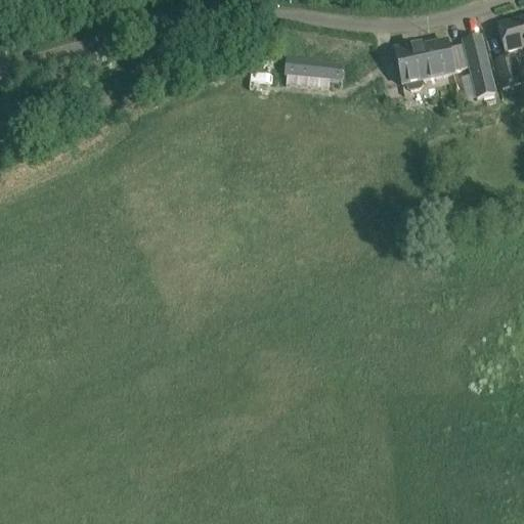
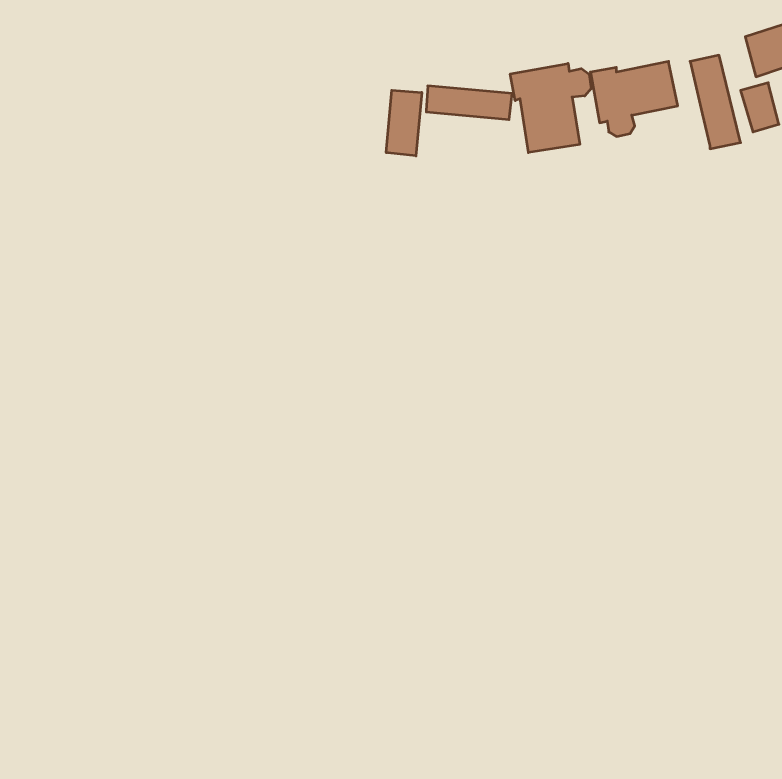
building: none -> [510,63,591,153]
building: none -> [386,90,422,156]

